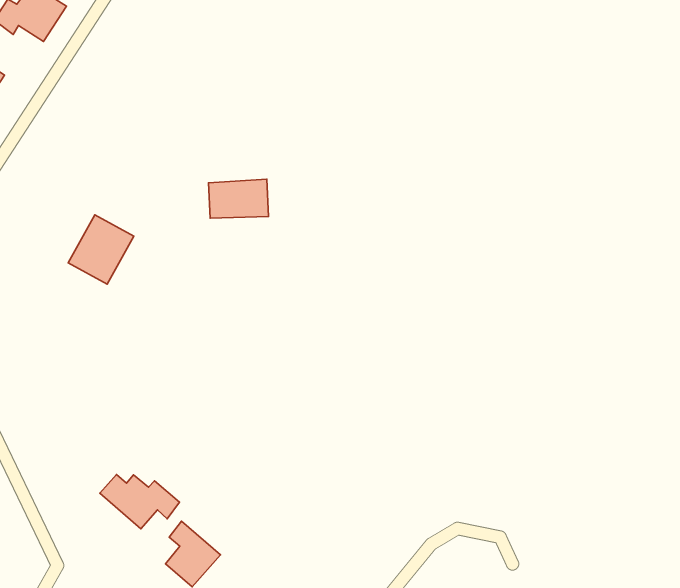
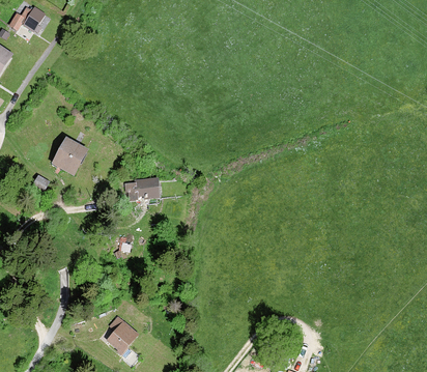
building: [208,179,269,218] -> [124,178,160,201]
building: [100,474,180,529] -> none

